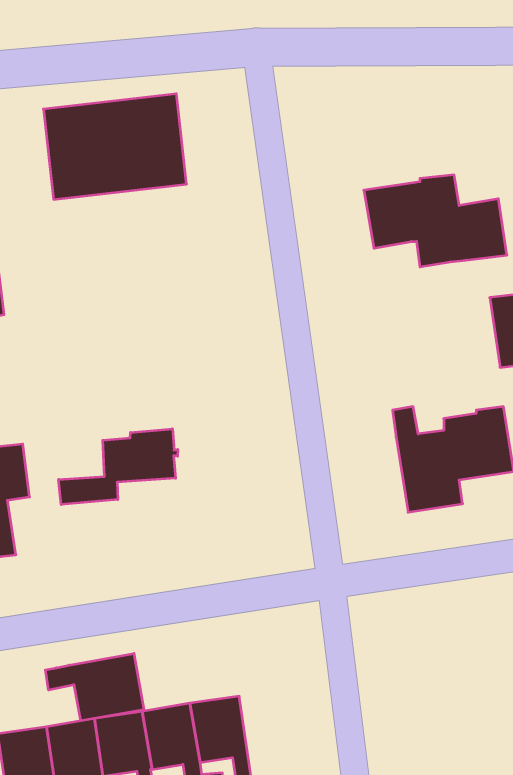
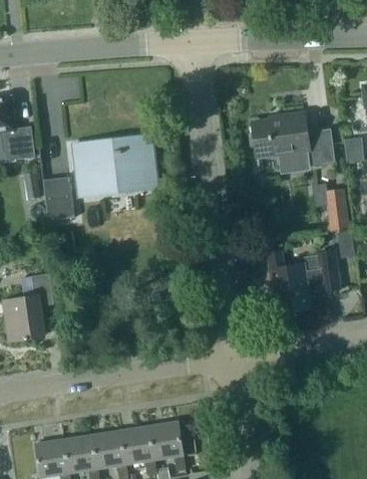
building: [43,94,187,199] -> [72,134,156,196]
building: none -> [42,177,73,219]
building: [59,429,178,505] -> none
building: [45,653,144,721] -> none

